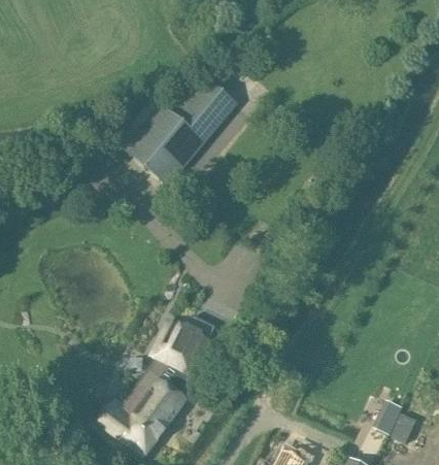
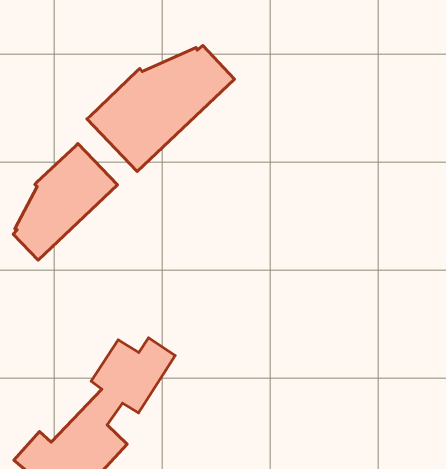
building: none -> [13,143,117,260]

